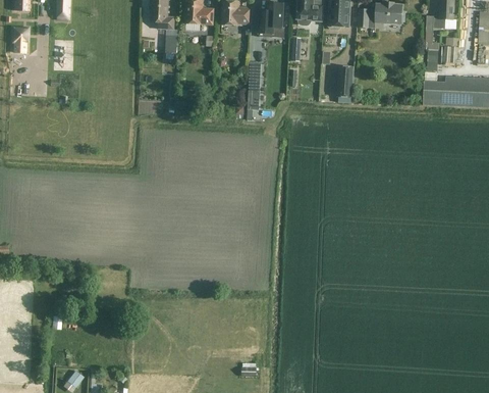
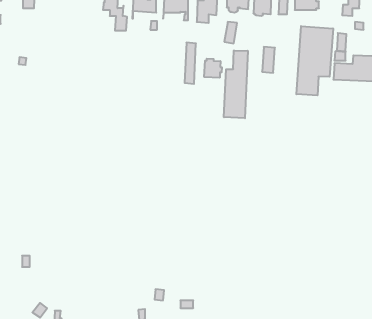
building: none -> [296,26,333,95]
building: none -> [224,50,248,118]
building: none -> [204,59,222,78]

